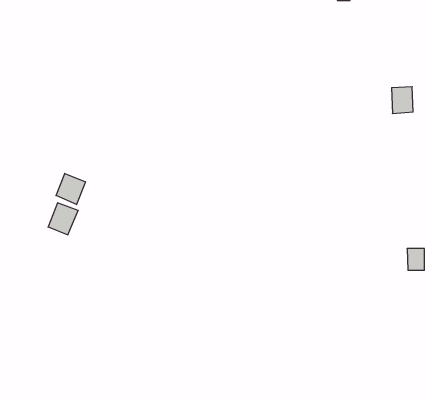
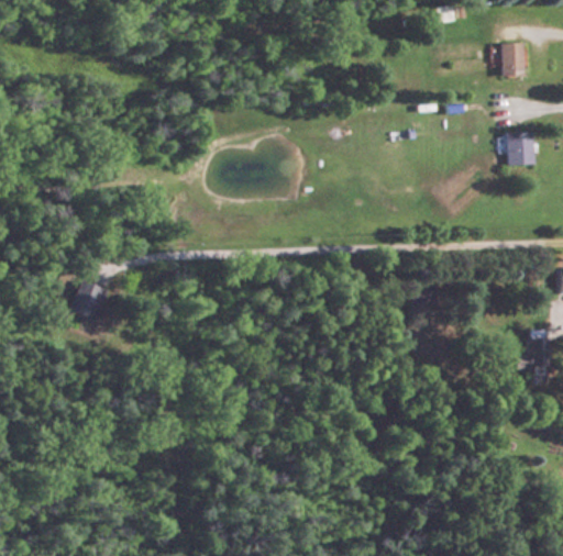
building: none -> [501,44,525,76]
building: [56,173,85,205] -> none

